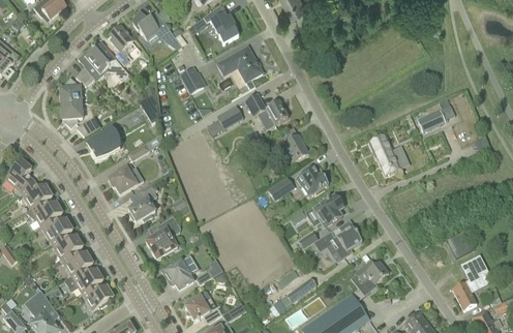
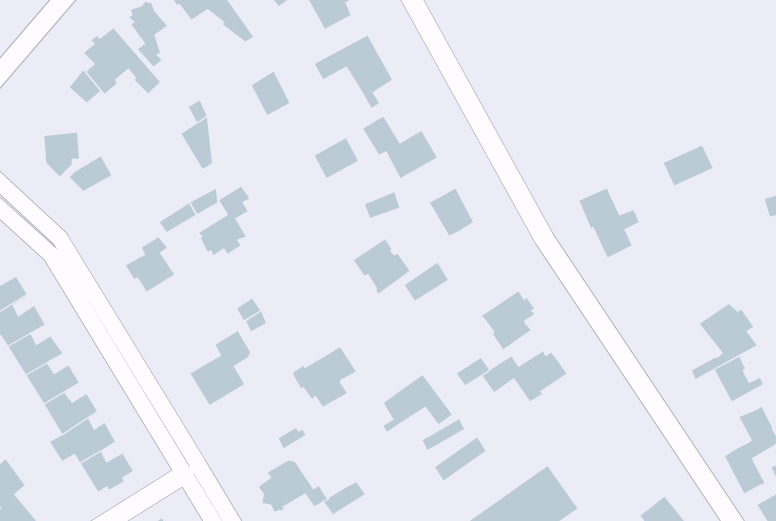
building: [60,75,81,103] -> none
building: [86,126,120,158] -> none
building: [295,163,328,195] -> [353,239,411,294]
building: [127,181,157,221] -> [198,186,250,256]
building: none -> [691,303,757,380]
building: none -> [382,374,453,433]
building: [161,253,199,289] -> [292,346,357,407]
building: [354,259,388,290] -> none

